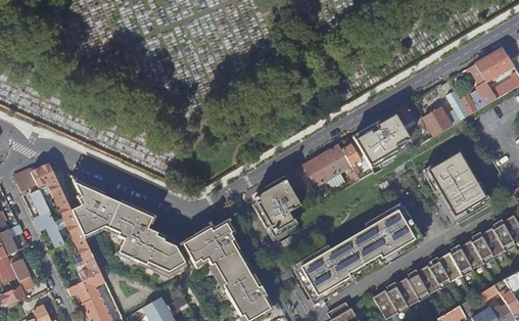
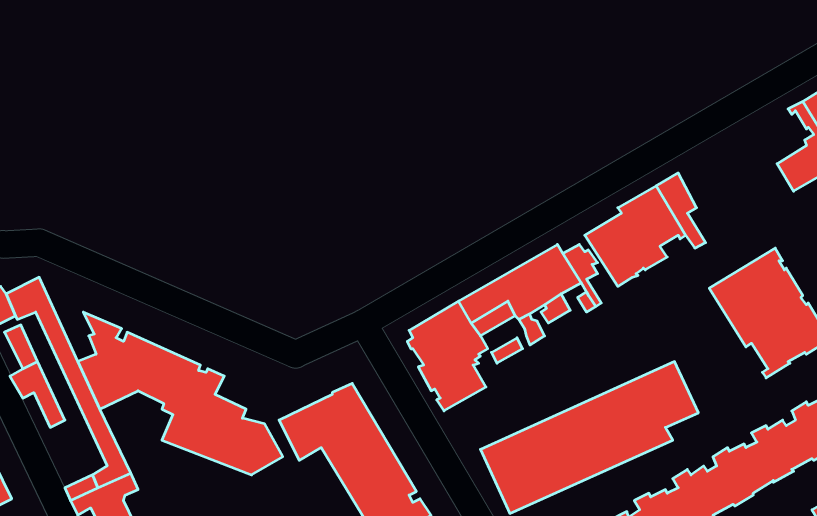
building: [423,90,470,136] -> none

